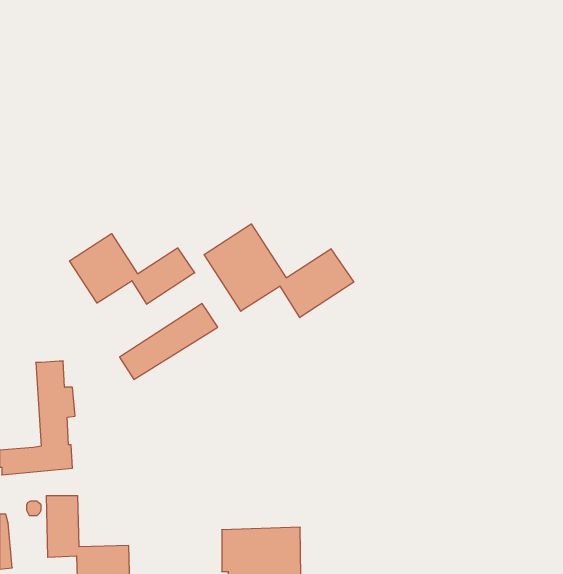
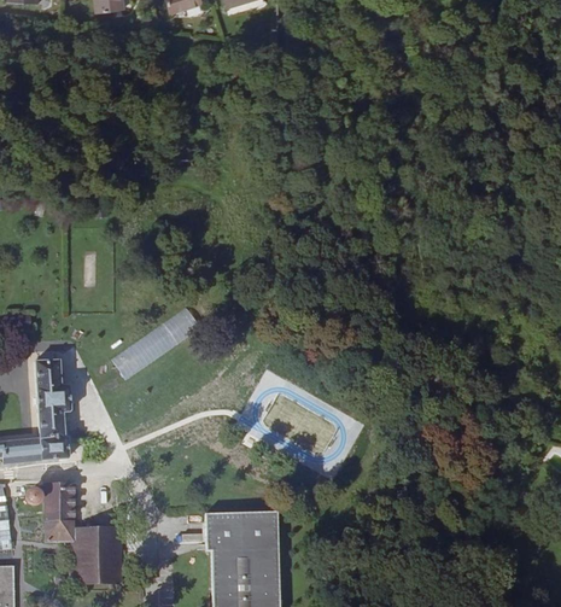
building: [204,224,354,318] -> none
building: [70,234,195,304] -> none

